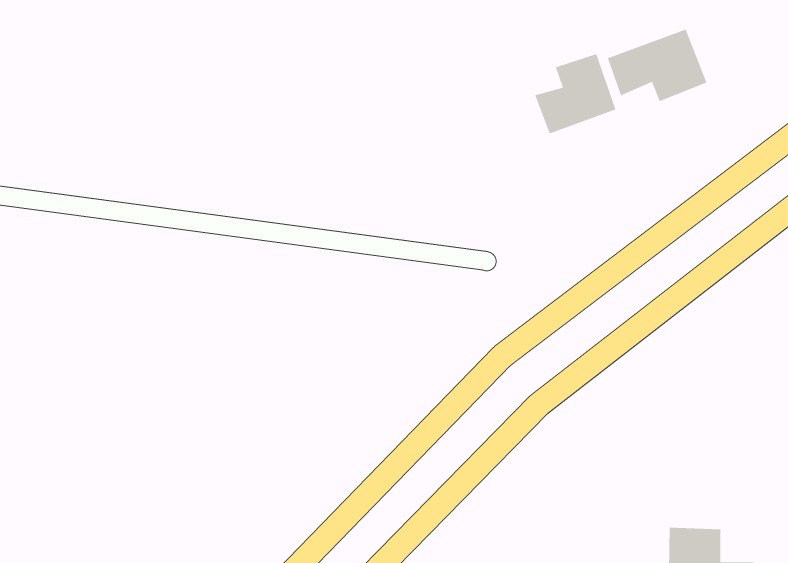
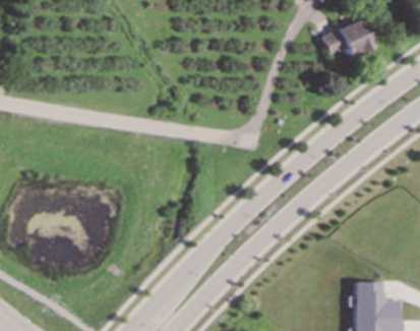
building: [534,53,616,134] -> none

